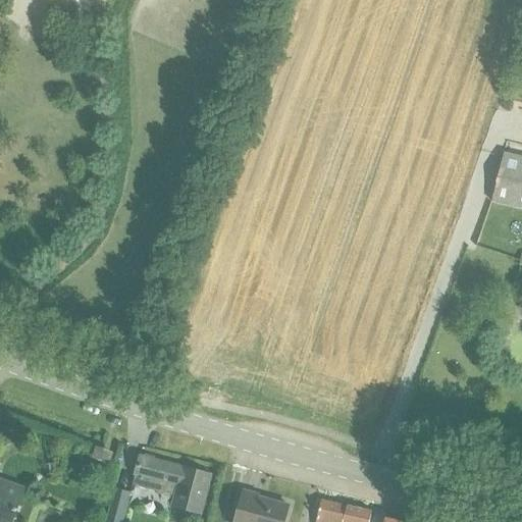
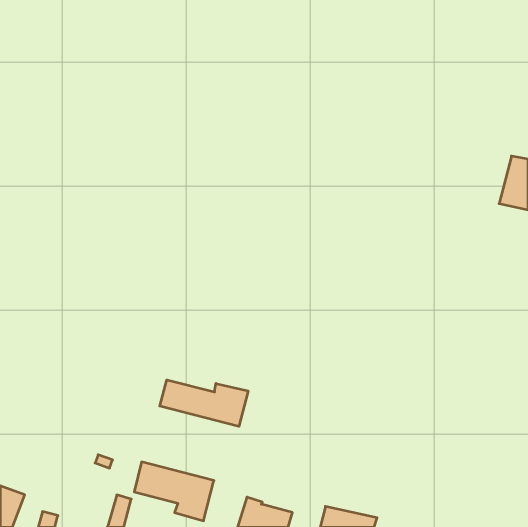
building: none -> [160,380,248,426]

